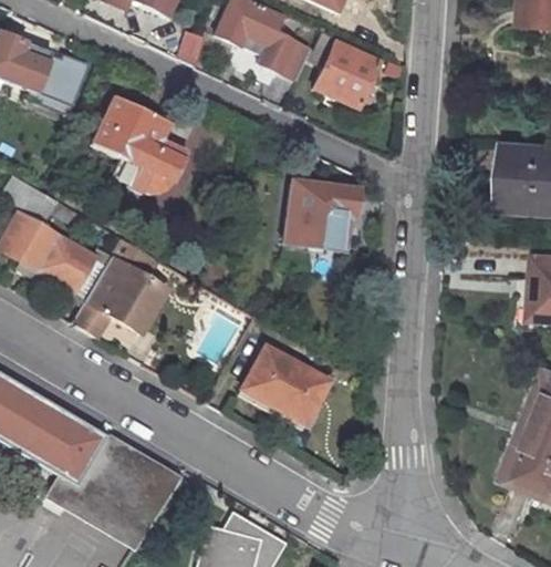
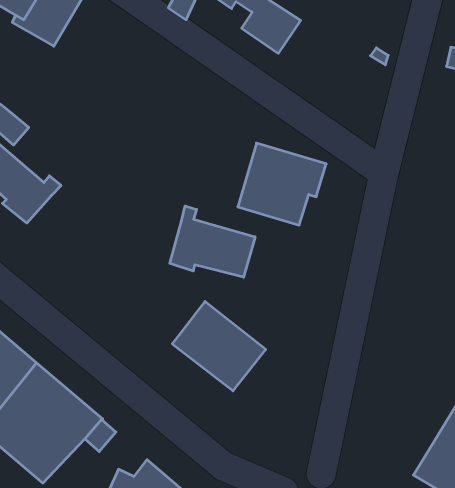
building: [311,37,383,111] -> none
building: [92,94,189,193] -> none
building: [72,235,170,339] -> none
building: none -> [170,206,255,277]

